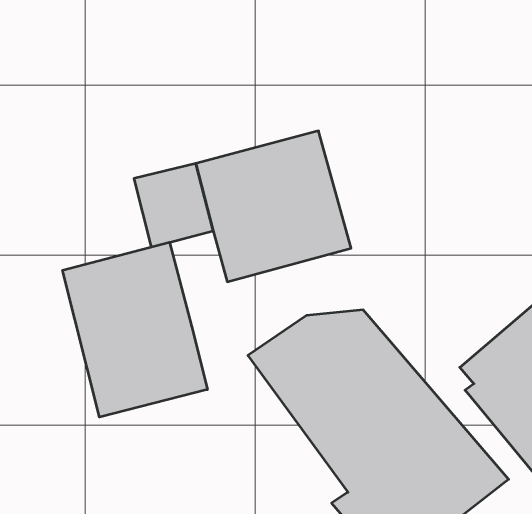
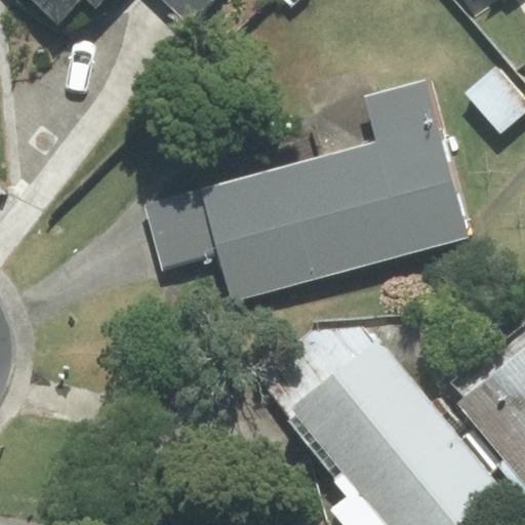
building: none -> [321,79,472,269]
building: [63,242,207,417] -> none

